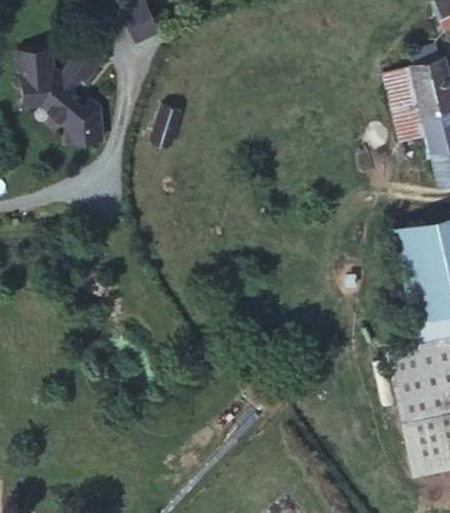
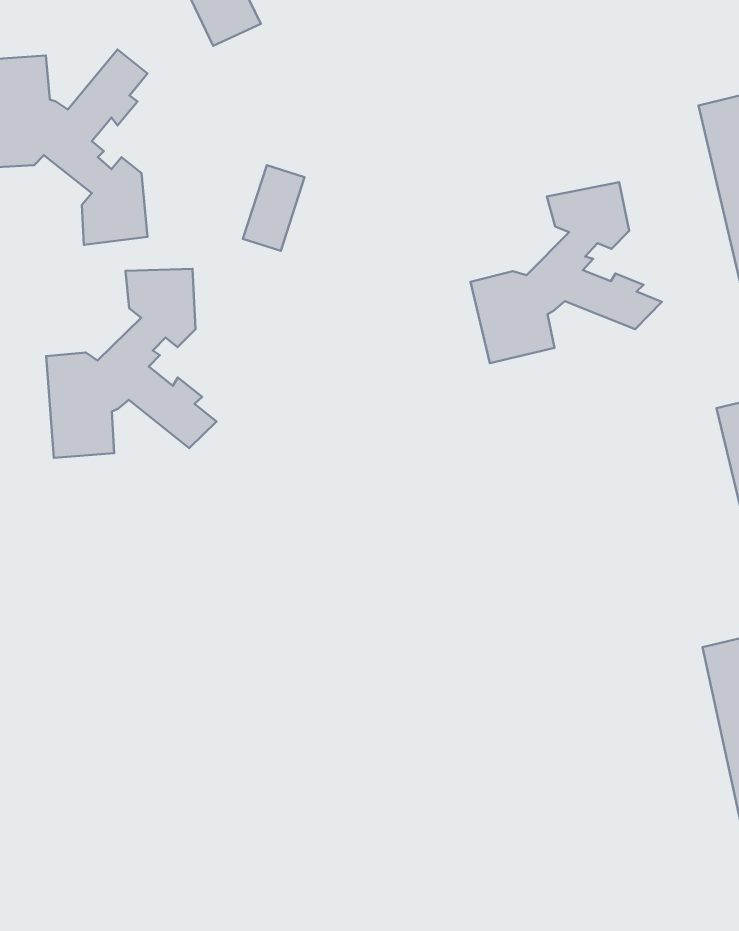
building: none -> [471,182,662,363]
building: none -> [46,269,216,458]

